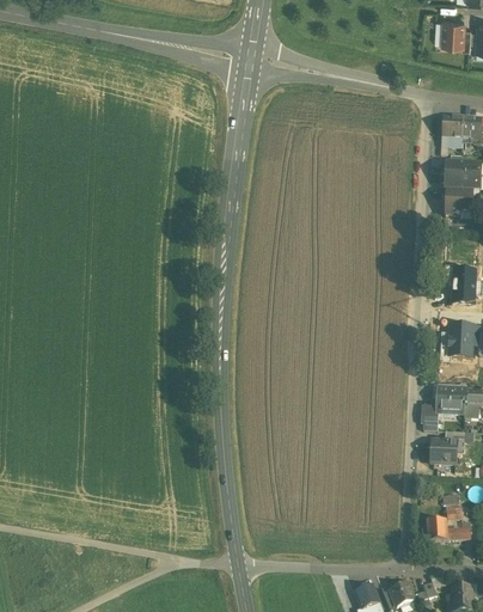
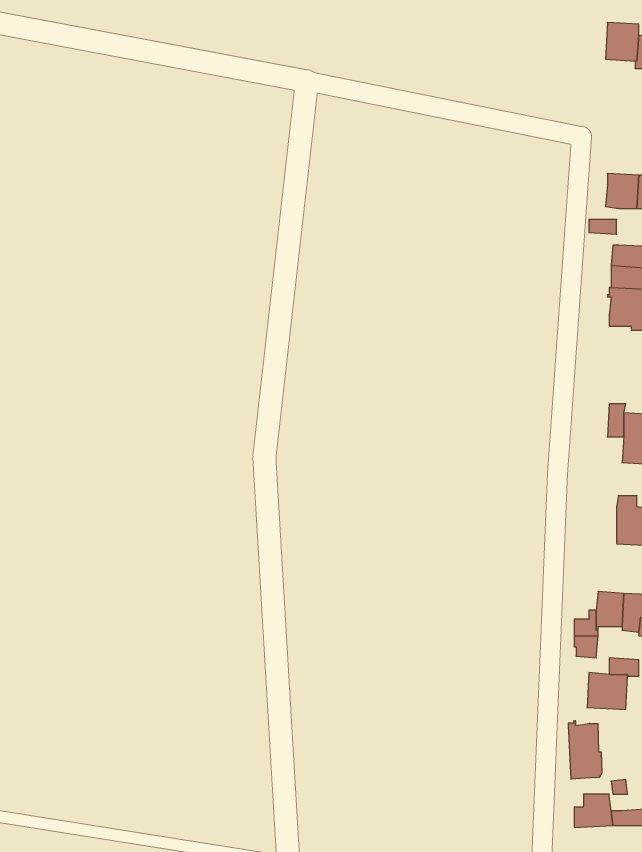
building: none -> [568,721,602,779]

